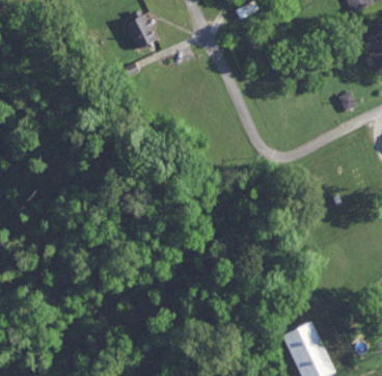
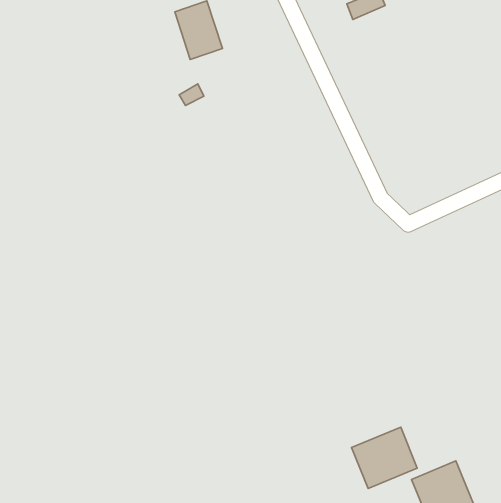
building: none -> [352,427,417,488]

